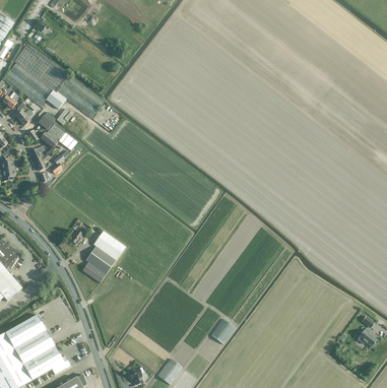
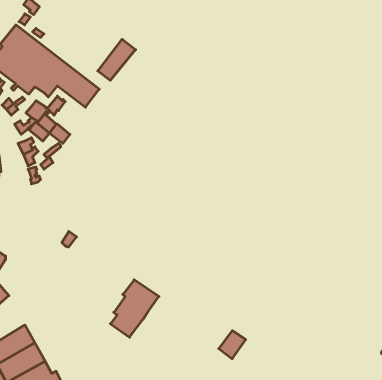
building: none -> [98,39,136,80]
building: [81,231,125,282] -> [110,280,159,337]

